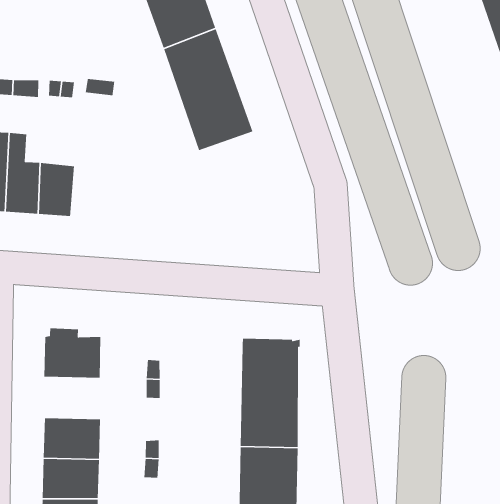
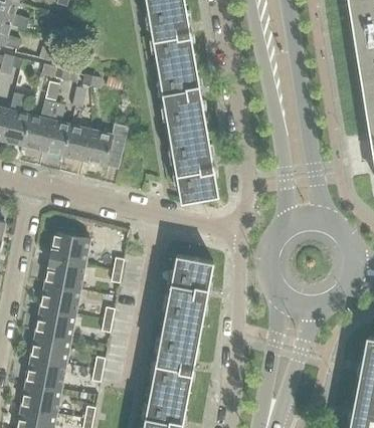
building: none -> [169,129,217,202]
building: none -> [82,125,128,169]
building: none -> [44,258,83,290]

